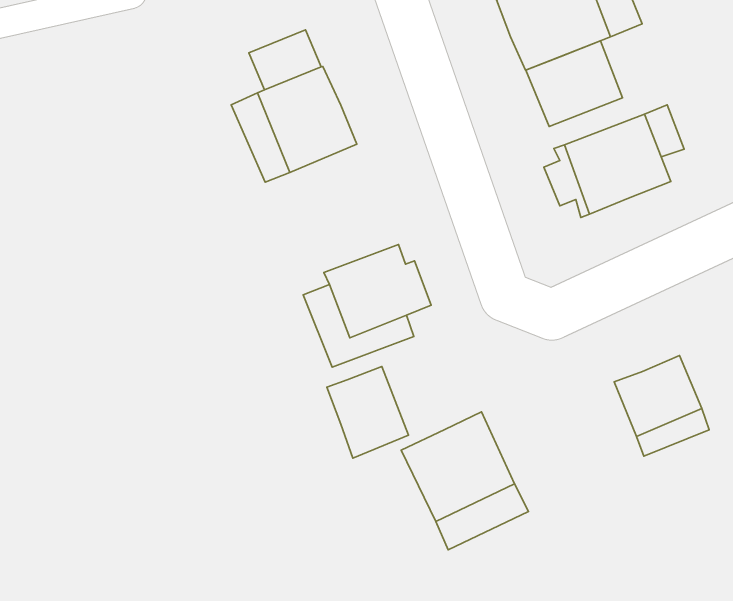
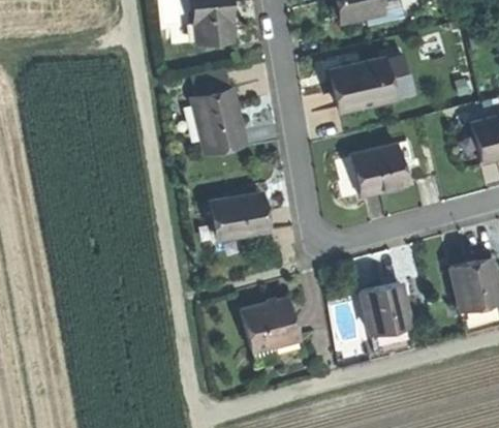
building: [526,41,622,126] -> none
building: [327,367,408,458] -> none

